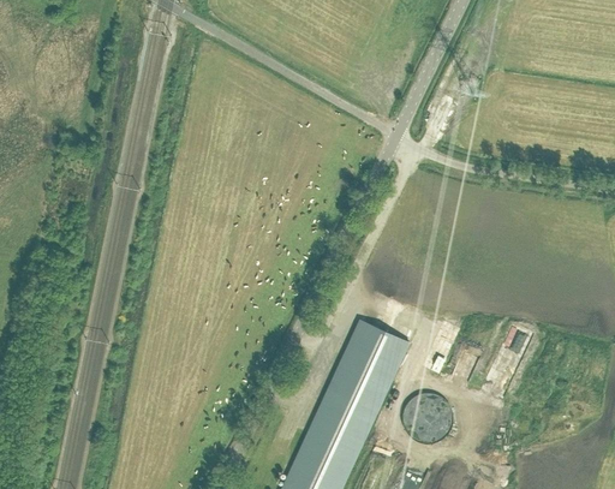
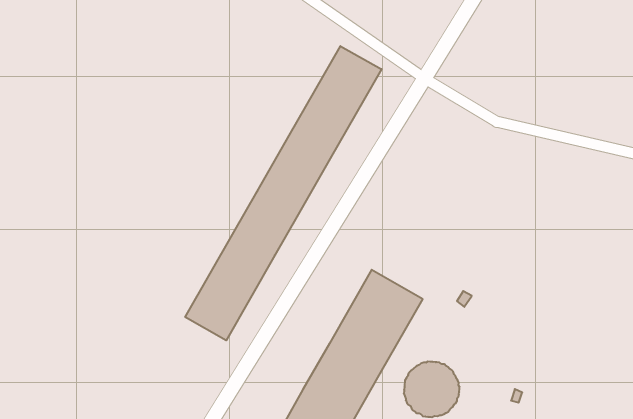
building: none -> [185,46,382,340]

